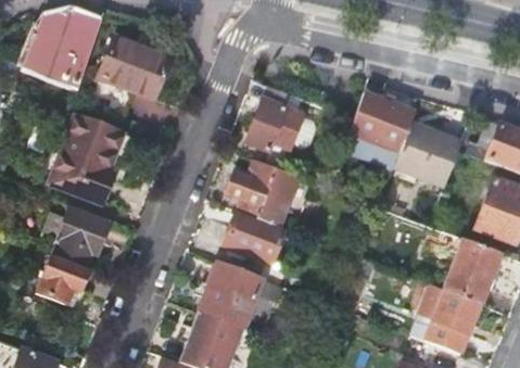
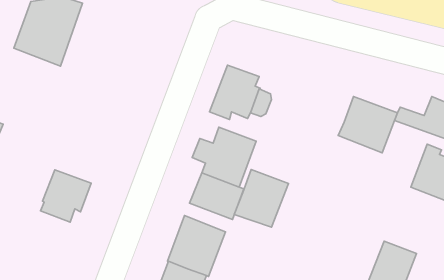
building: [98,38,168,100] -> none
building: [347,87,414,154] -> none
building: [50,116,121,202] -> none
building: none -> [234,170,288,227]
building: [444,240,499,304] -> none
building: [38,258,88,302] -> none

